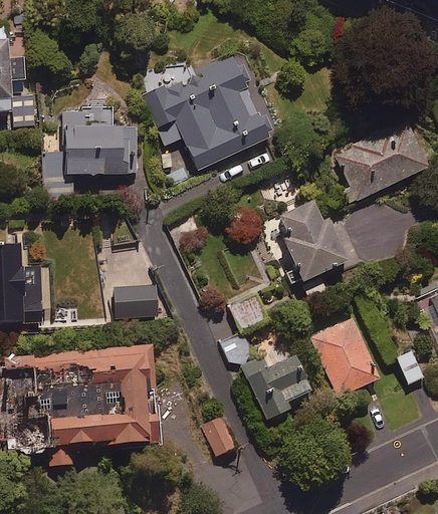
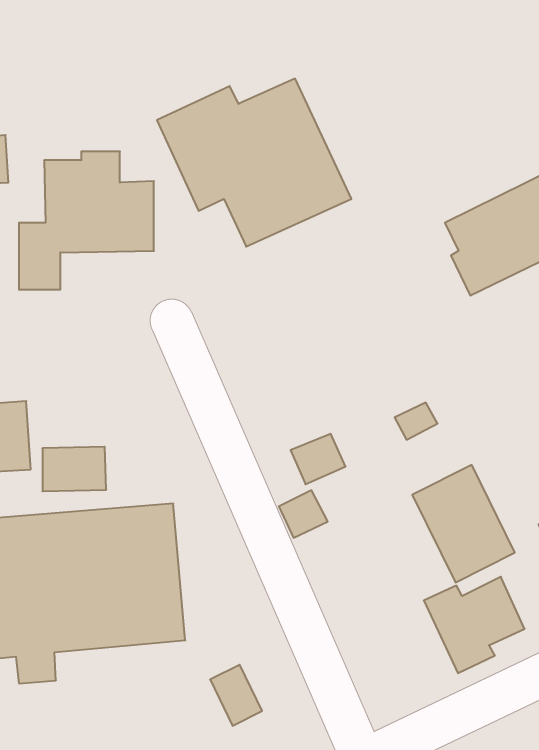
building: [273,197,349,286] -> none
building: [115,288,158,318] -> [42,447,106,491]
building: [243,353,311,419] -> [424,577,525,673]
building: [201,417,236,458] -> [210,665,262,726]

